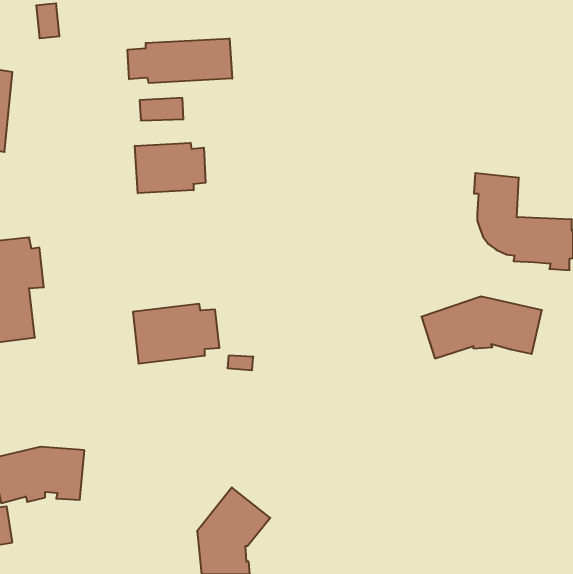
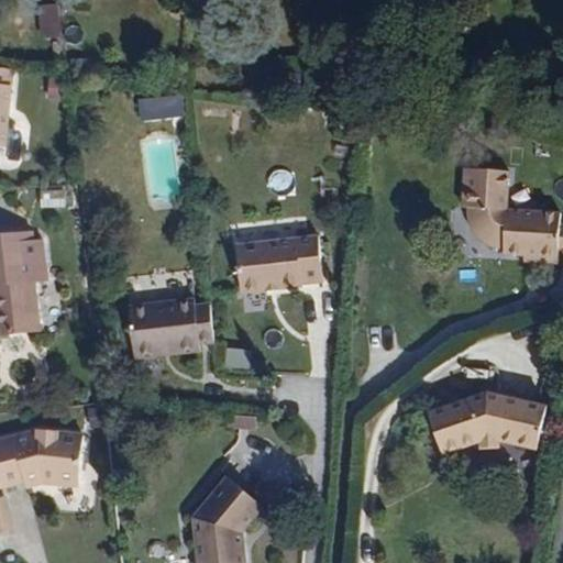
building: [128,38,232,83] -> none
building: [135,143,206,193] -> none
building: none -> [236,233,323,290]
building: [421,297,542,358] -> [428,394,545,454]

